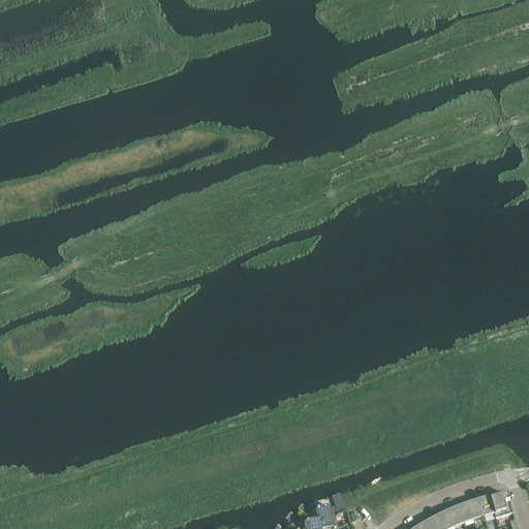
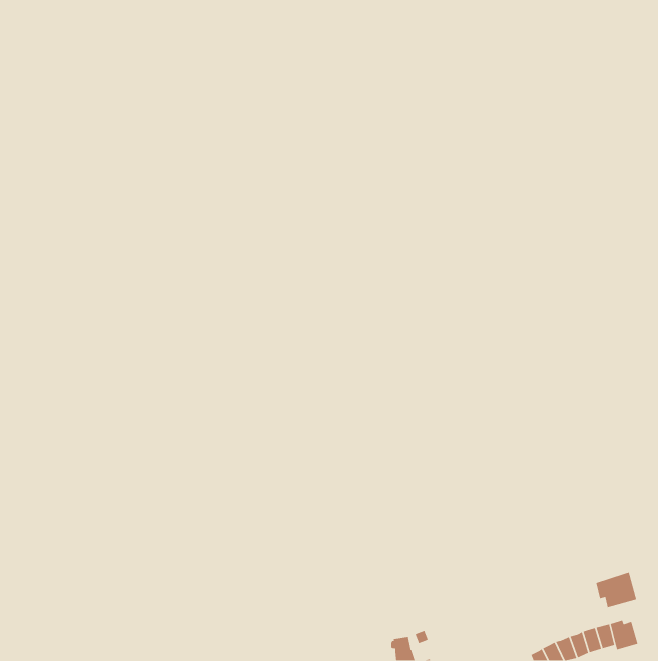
building: none -> [595,572,637,608]

